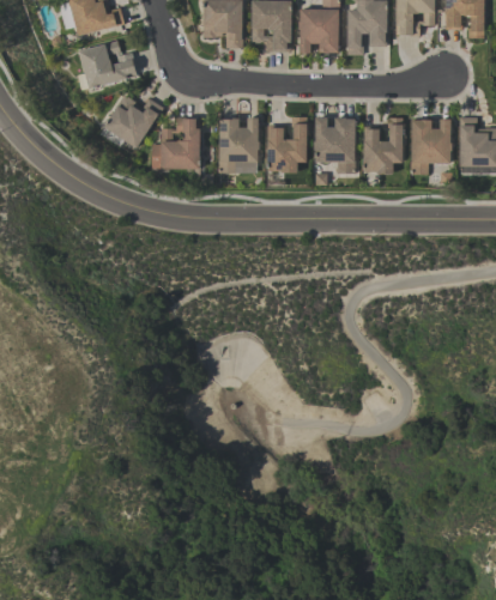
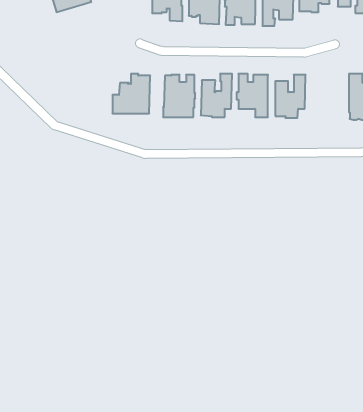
building: [77,40,137,90] -> none
building: [99,93,162,147] -> none
building: [410,119,452,174] -> none

